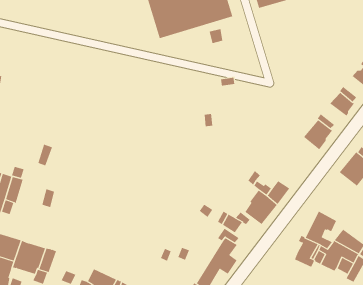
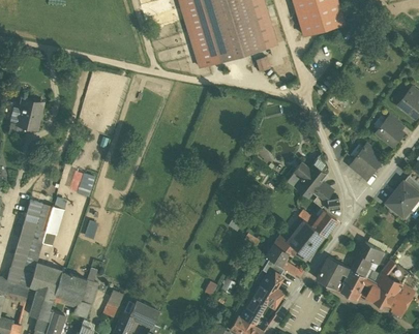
building: none -> [295,155,339,210]
building: none -> [316,257,348,287]

